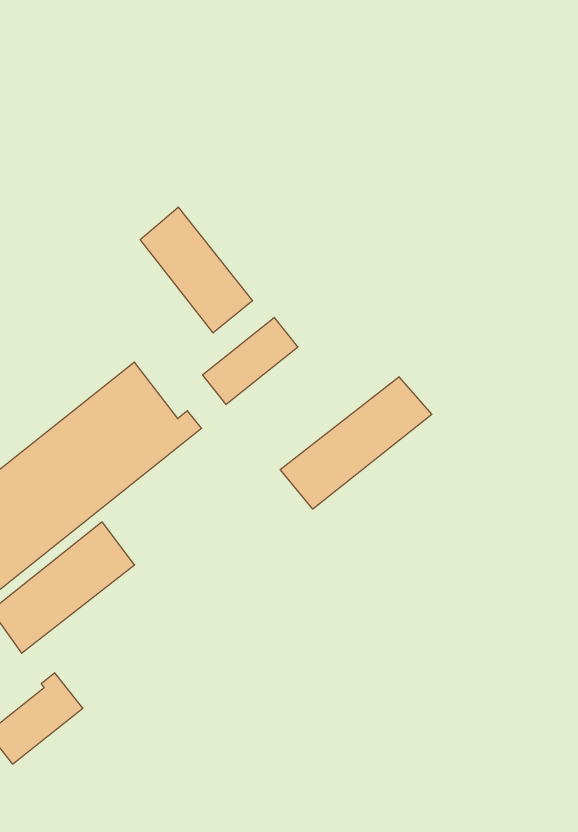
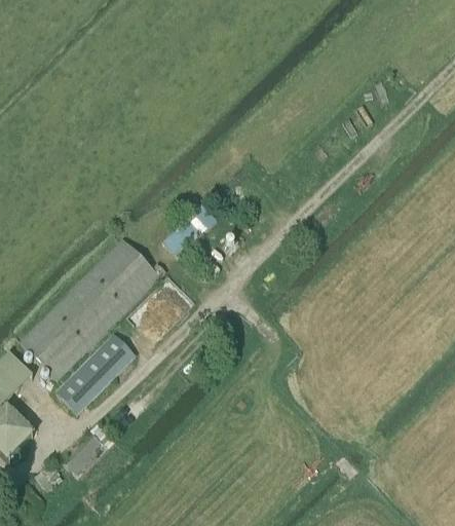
building: [140,207,253,333] -> none
building: [280,377,432,509] -> none

